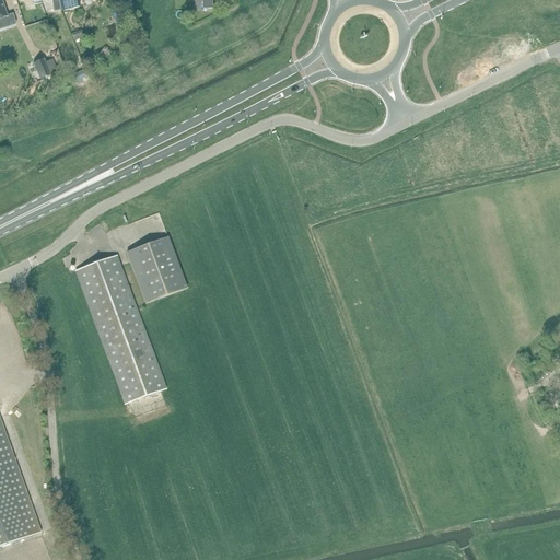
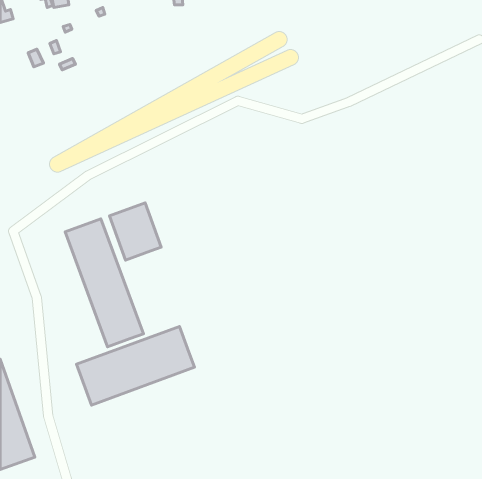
building: none -> [77,326,194,405]

